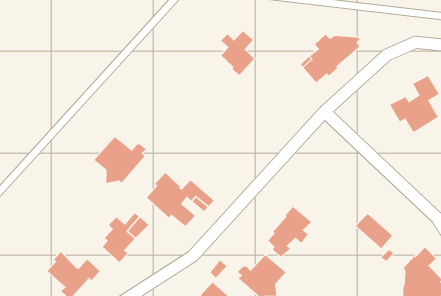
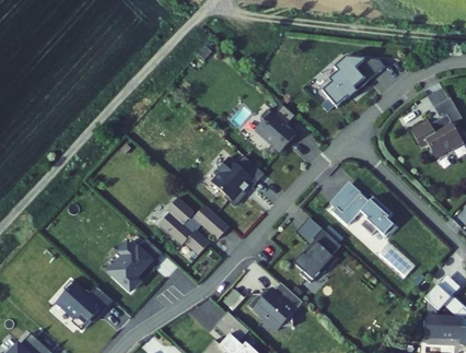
building: [220,30,255,76] -> [258,104,294,151]
building: none -> [214,155,267,205]
building: [94,136,147,184] -> none
building: none -> [330,185,394,237]

